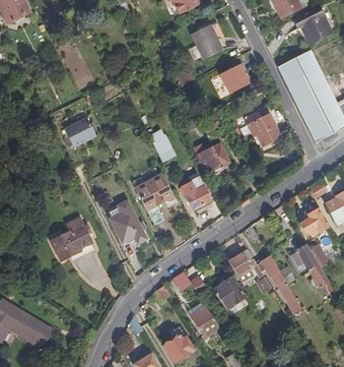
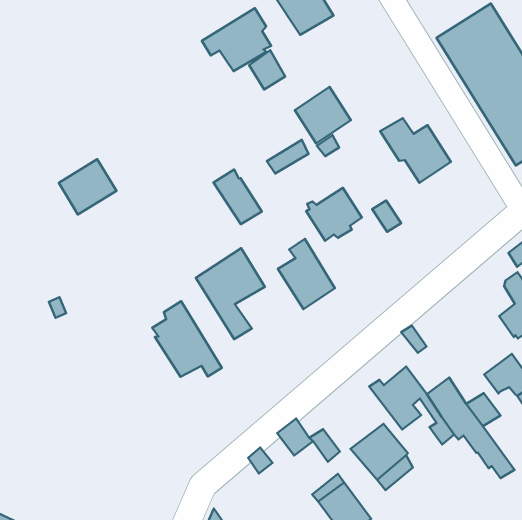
building: none -> [202,8,271,71]
building: [220,63,251,94] -> [295,87,351,143]
building: [52,218,93,259] -> none

